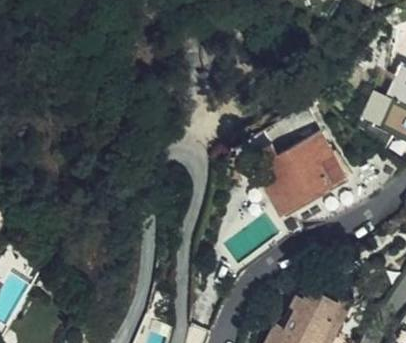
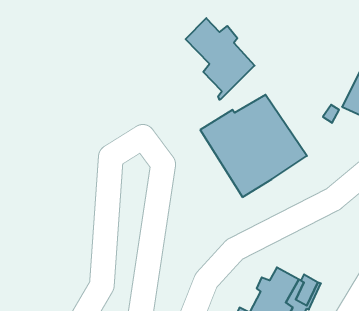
building: none -> [186,18,255,100]

